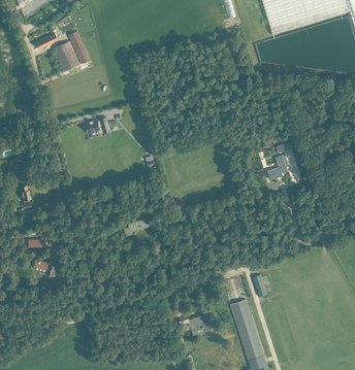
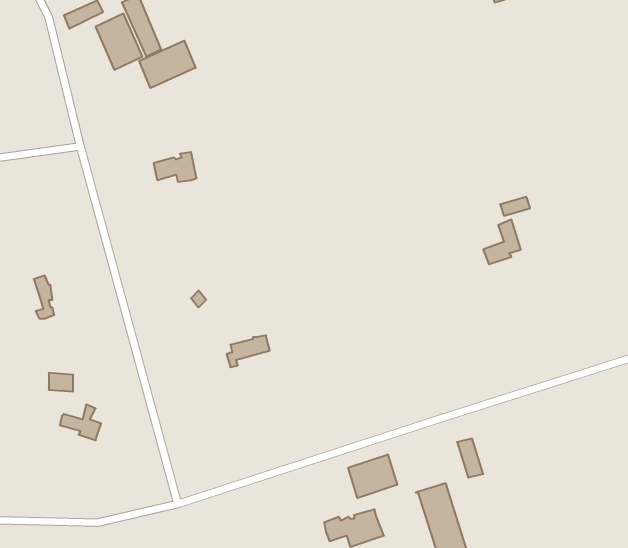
building: none -> [139,41,196,88]
building: none -> [348,454,397,498]

